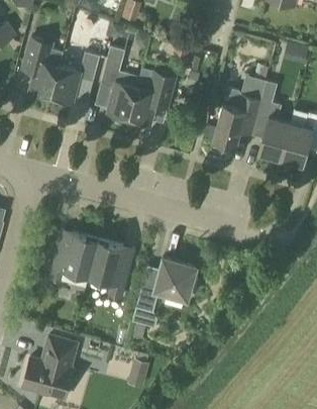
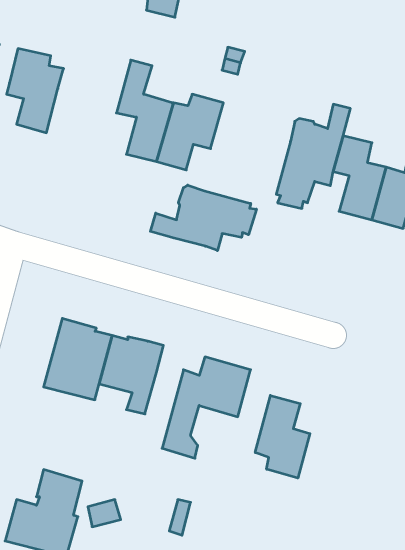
building: [50,53,100,104] -> none
building: none -> [150,185,256,251]
building: none -> [255,395,310,478]

